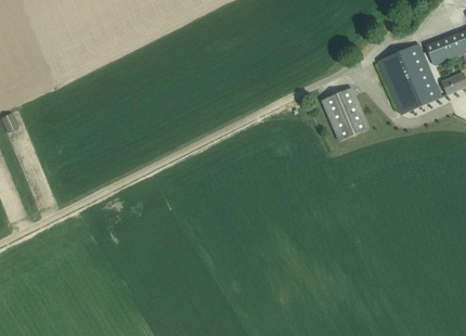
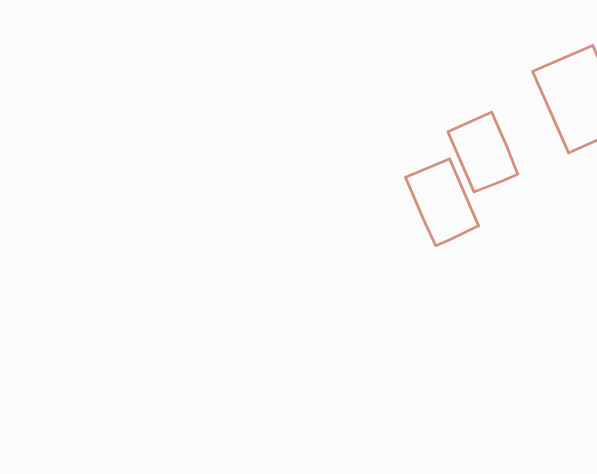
building: none -> [405,159,479,246]

